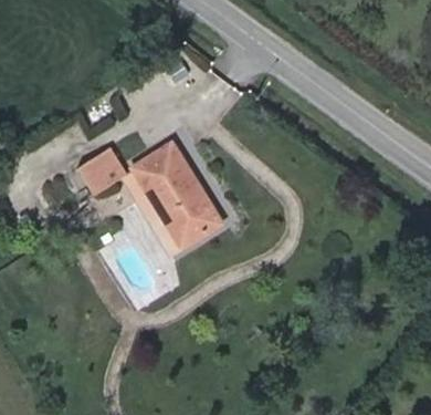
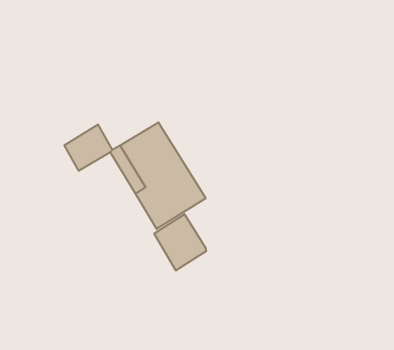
building: none -> [154,214,206,271]

